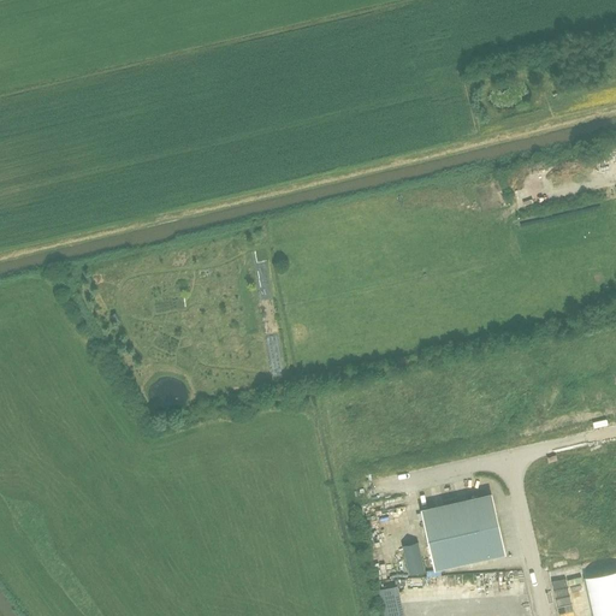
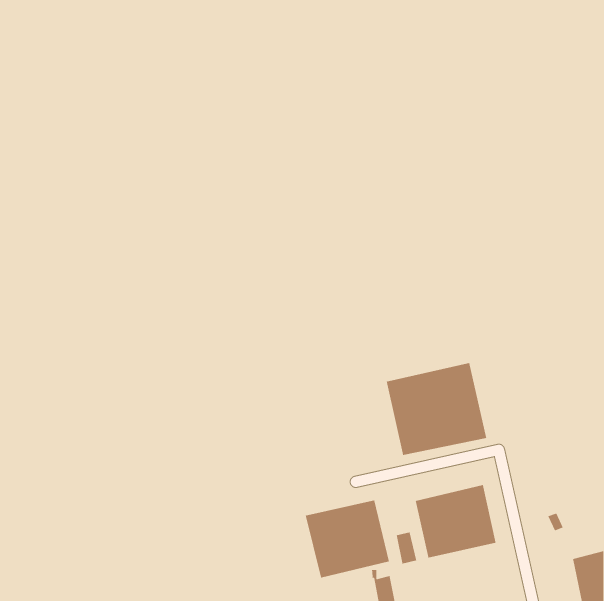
building: none -> [386,362,487,456]
building: none -> [305,500,390,578]

